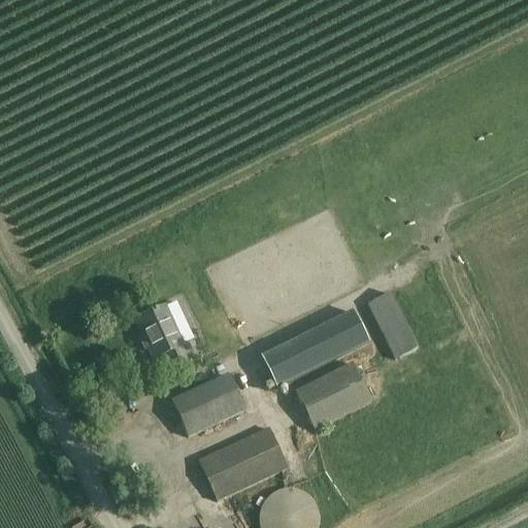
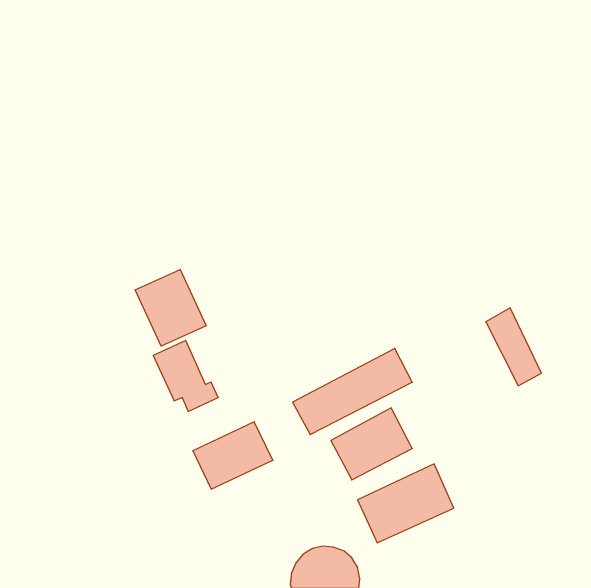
building: none -> [135,269,206,346]
building: [367,290,417,359] -> [486,308,542,386]
building: [201,427,287,497] -> [357,464,454,543]

